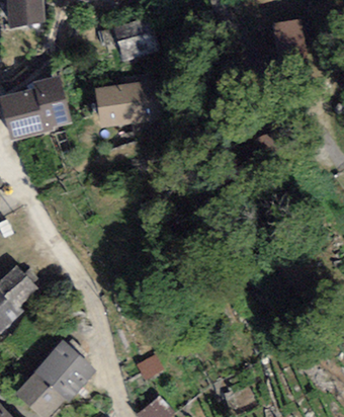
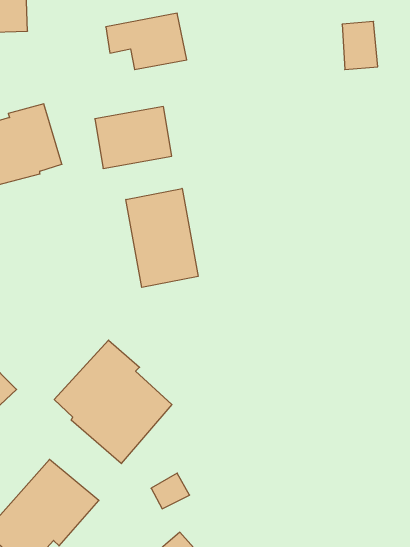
building: none -> [126,188,198,287]
building: none -> [54,340,172,464]

